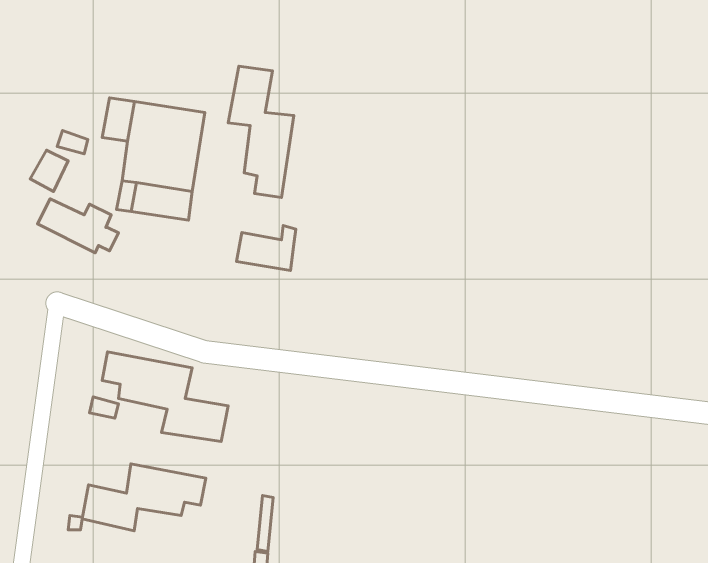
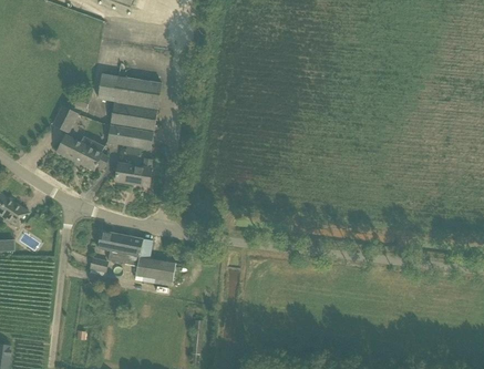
building: [228,66,294,198] -> none
building: [236,225,296,270] -> [115,157,152,185]
building: [82,464,206,531] -> none

